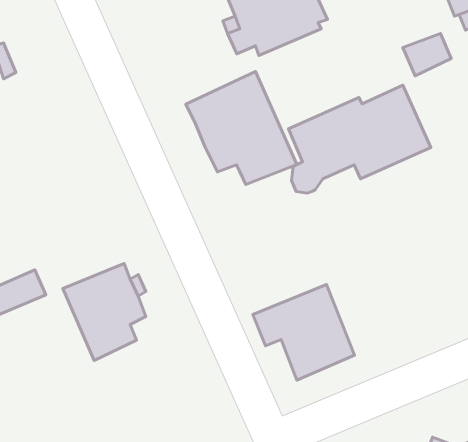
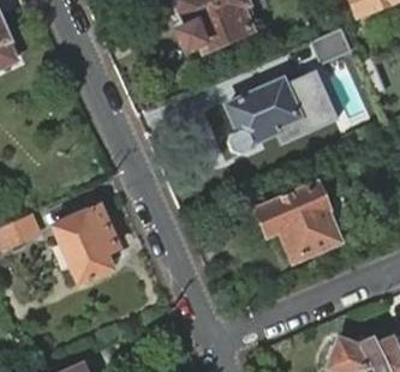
building: [186,71,297,184] -> none
building: [253,285,355,380] -> [259,185,338,258]

